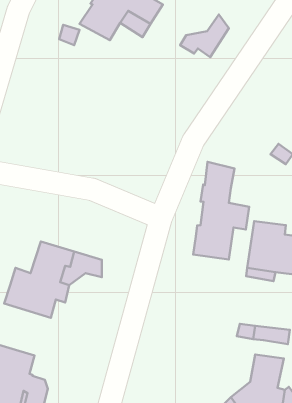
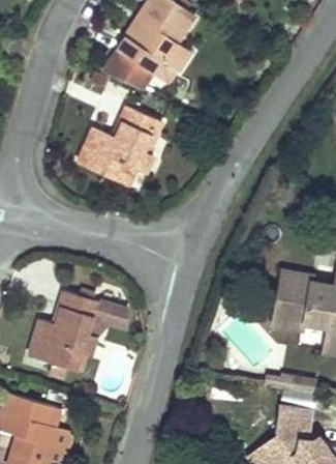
building: [180,15,229,57] -> none
building: none -> [77,106,161,184]
building: [193,162,249,260] -> none

